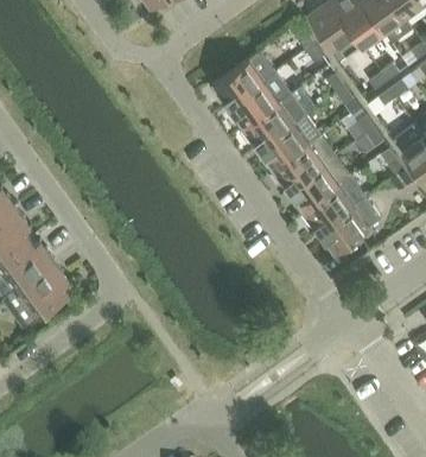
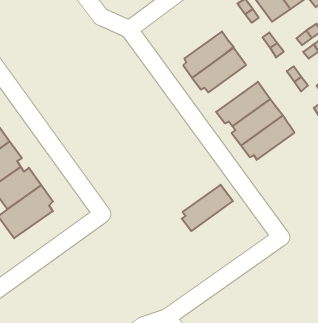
building: [210,50,278,106] -> none
building: [260,114,322,171] -> none
building: [319,197,382,254] -> [182,185,233,231]

